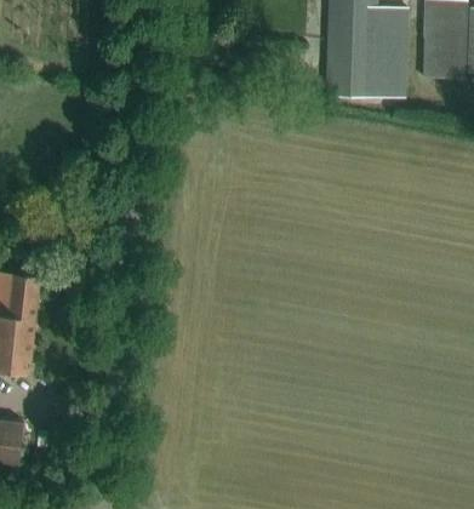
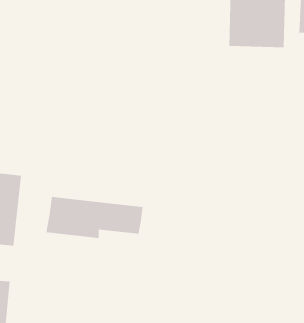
building: none -> [46,196,143,239]

